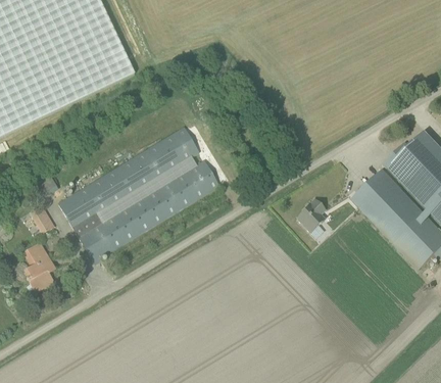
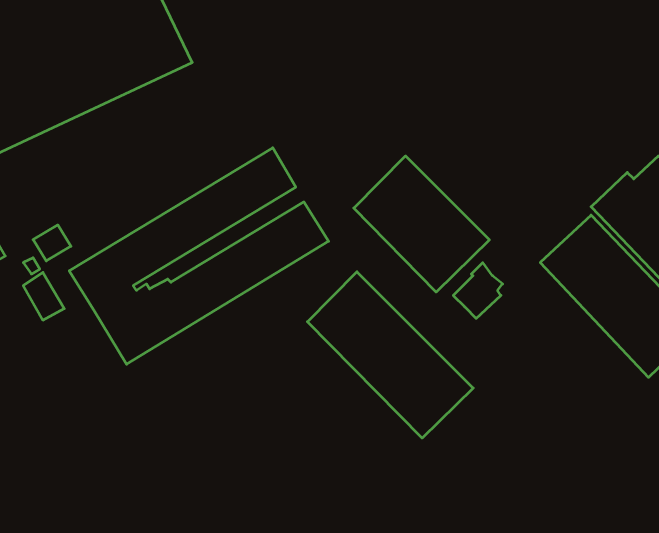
building: none -> [354,156,489,292]
building: none -> [307,272,473,438]
building: [22,242,54,290] -> none

